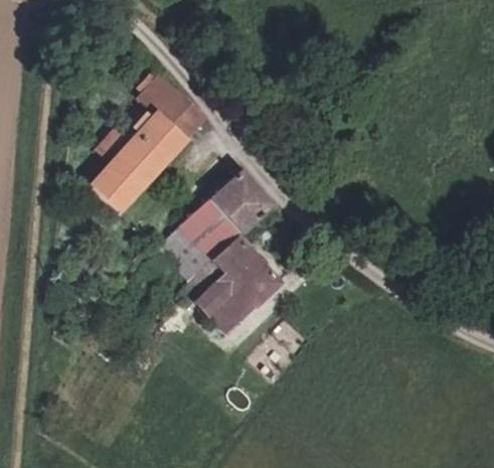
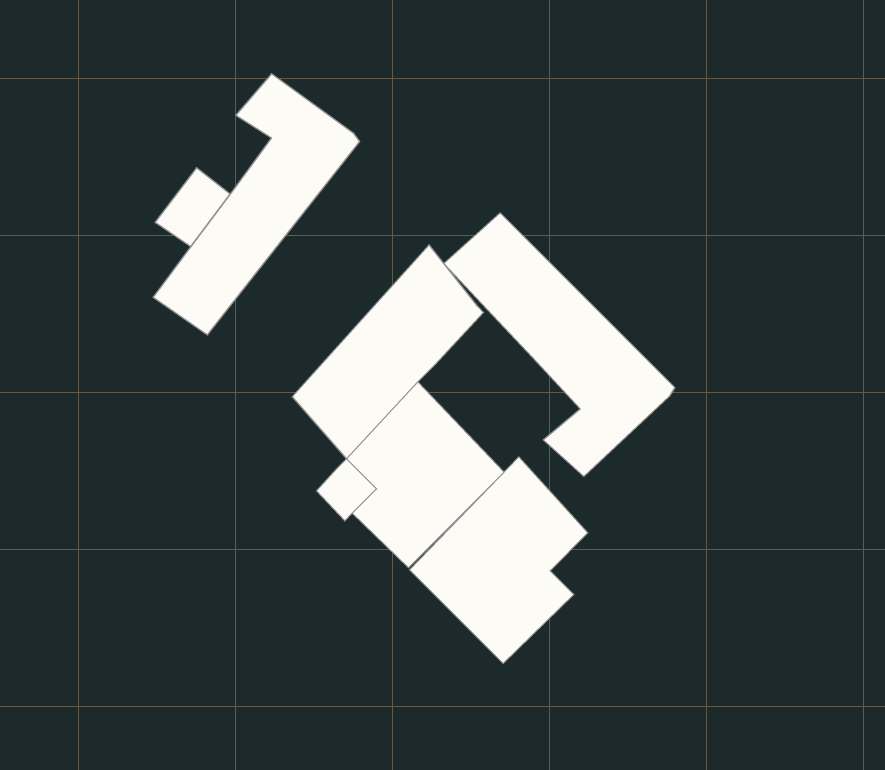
building: none -> [444,213,675,476]
building: none -> [410,457,588,663]

